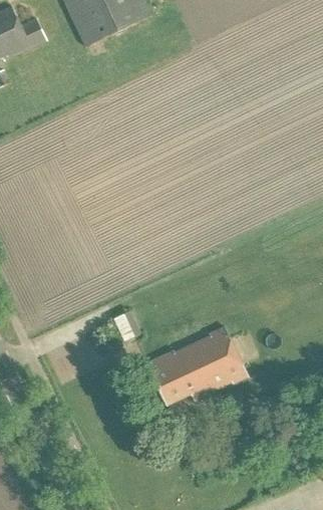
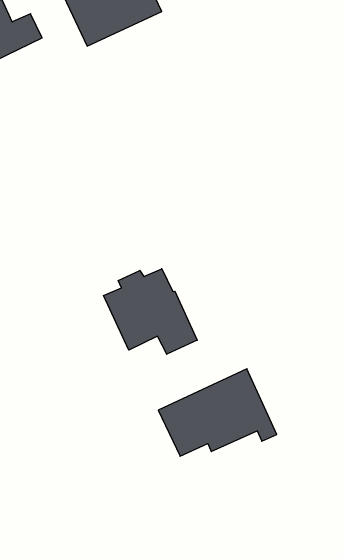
building: none -> [104,269,197,354]

